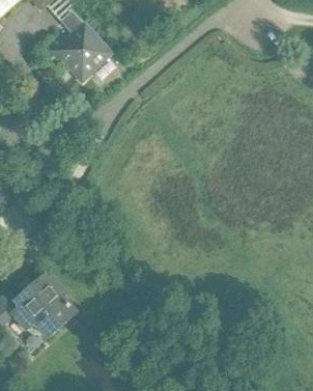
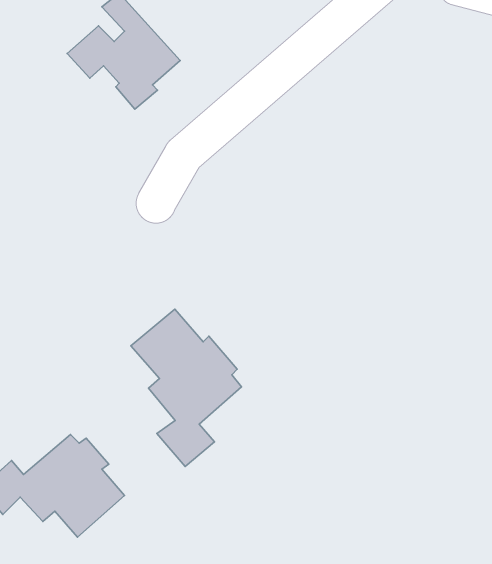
building: none -> [131,309,241,466]

